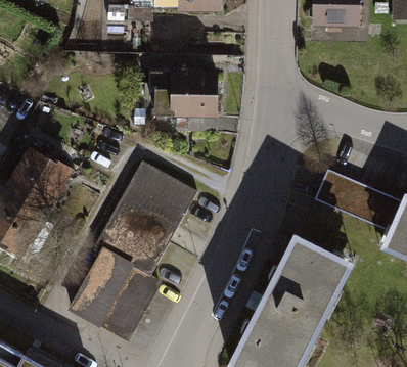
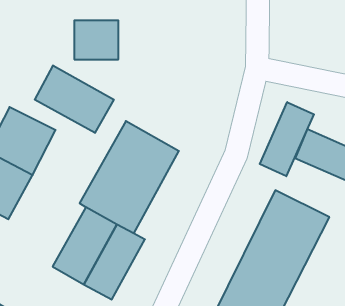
building: [171,76,216,116] -> [74,20,118,59]
building: none -> [35,65,114,133]
building: none -> [260,102,314,176]

